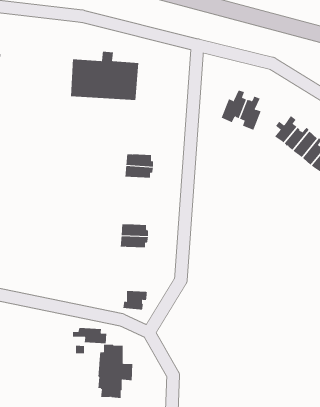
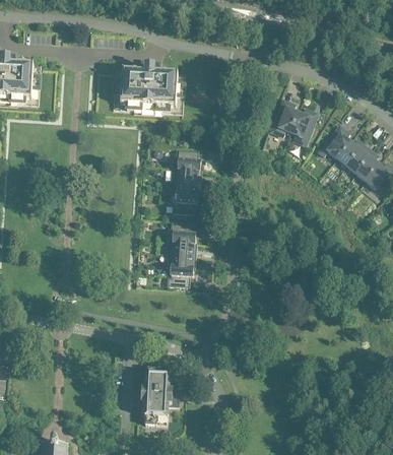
building: none -> [176,149,200,171]
building: none -> [172,193,198,213]
building: none -> [171,222,195,243]
building: [122,291,148,310] -> [167,266,193,286]
building: [72,327,107,344] -> none

